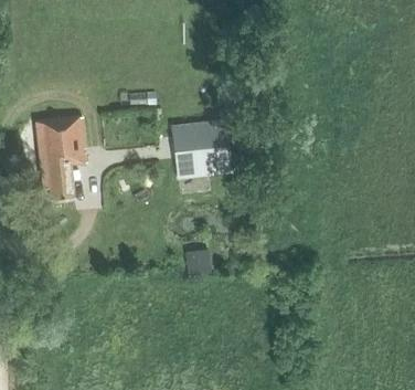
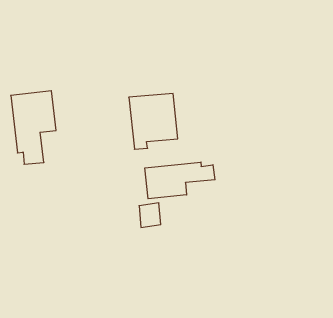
building: none -> [145,162,215,199]

